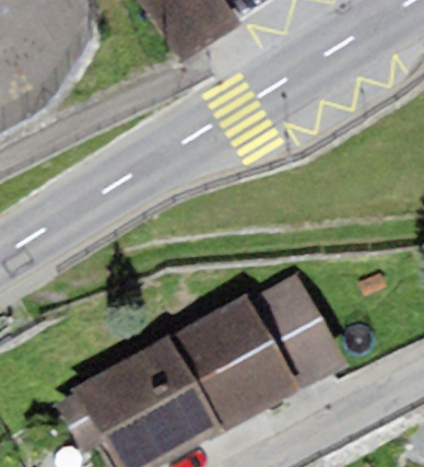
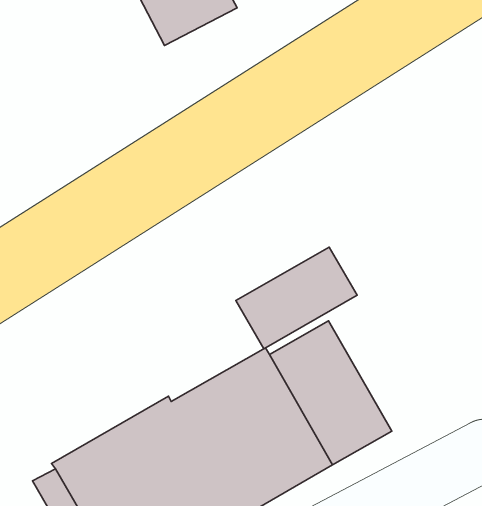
building: none -> [236,247,357,349]

